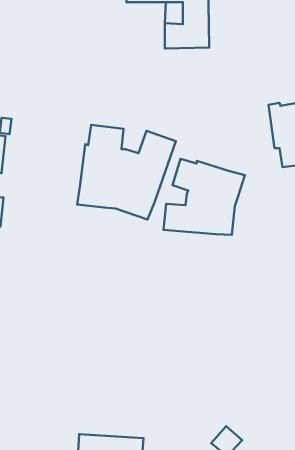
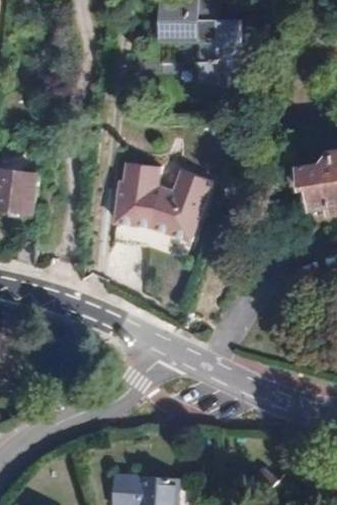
building: [164,159,245,235] -> none

